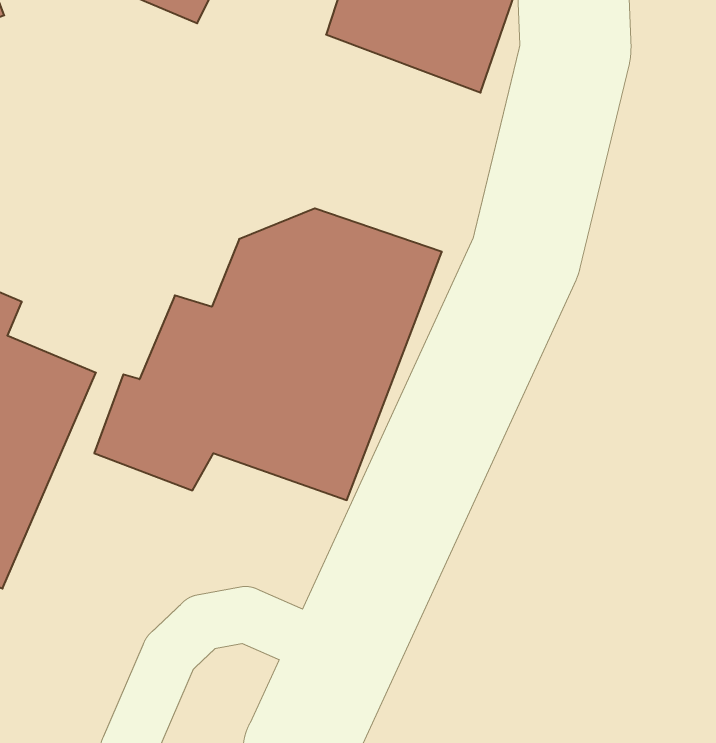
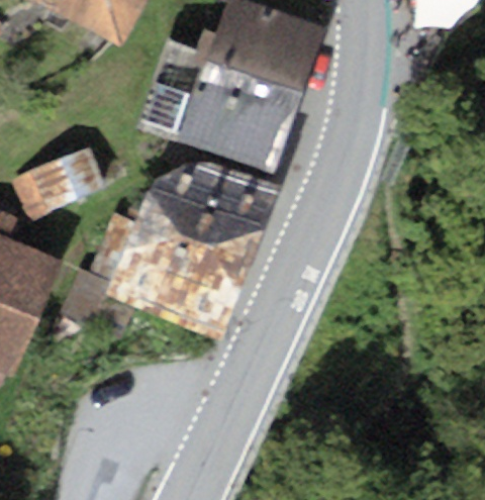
building: none -> [135,33,304,174]
building: none -> [18,144,110,218]

